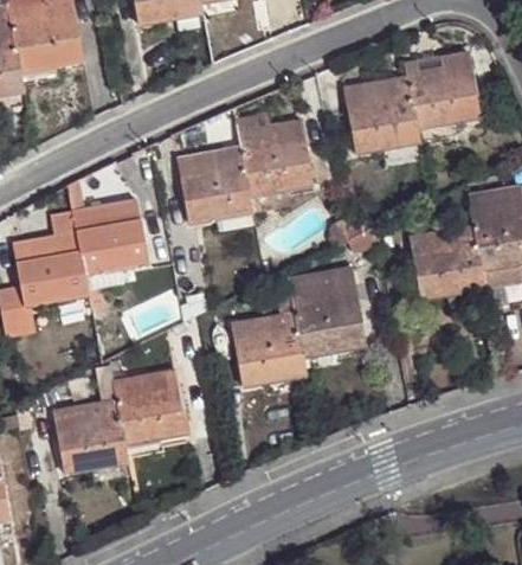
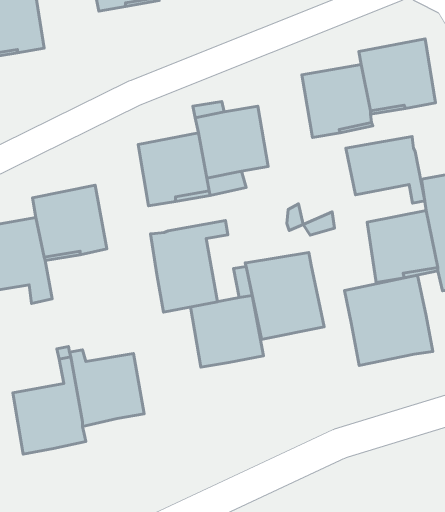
building: none -> [346,137,425,203]
building: none -> [151,220,228,312]
building: none -> [344,275,433,366]

